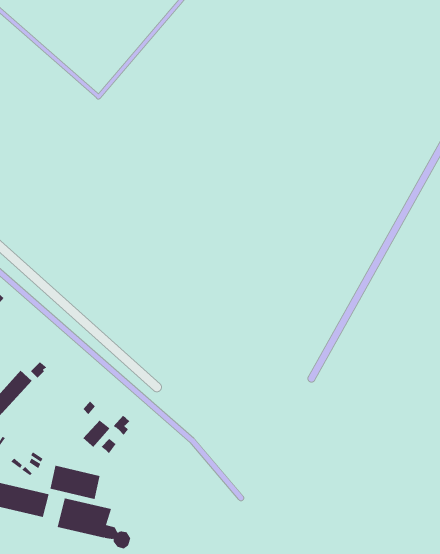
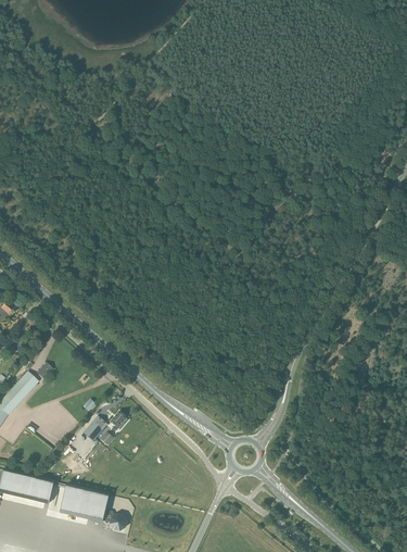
building: [50,465,100,500] -> none

